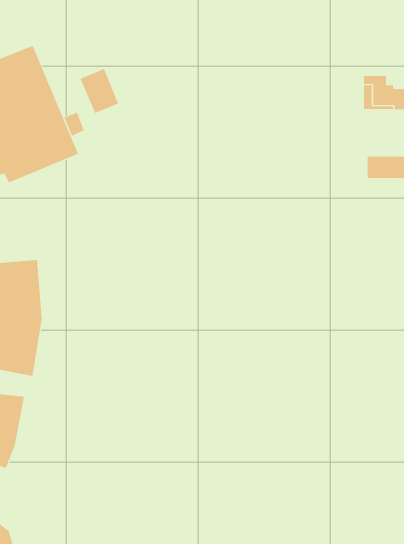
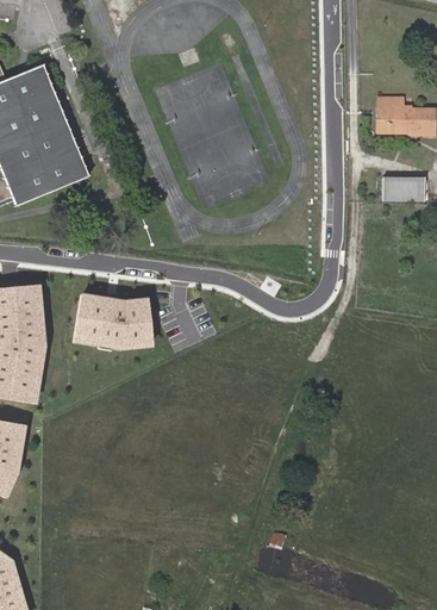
building: [80,68,119,114] -> none
building: none -> [76,292,156,350]

